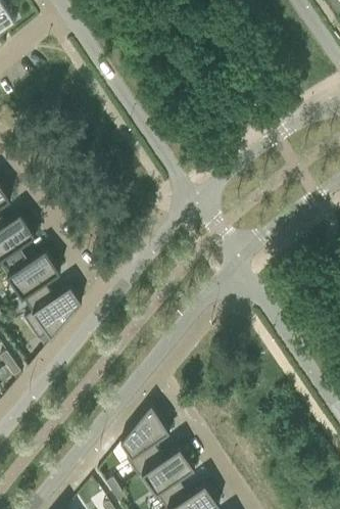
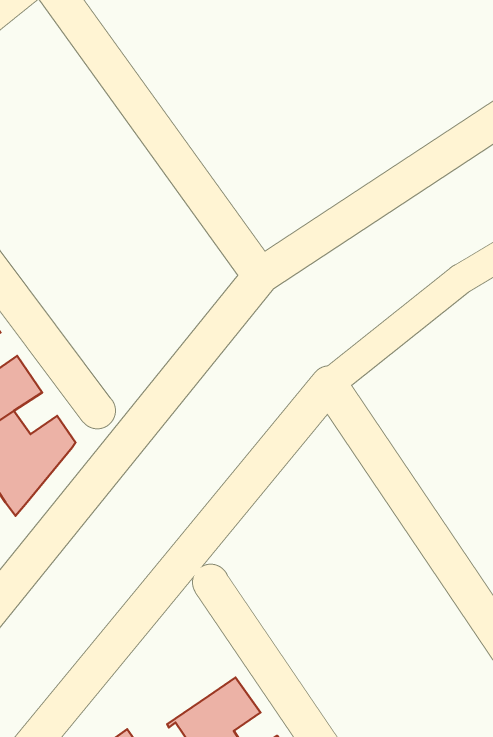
building: [118,405,168,475] -> none

